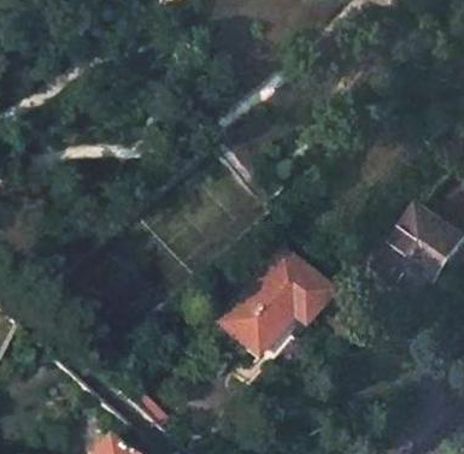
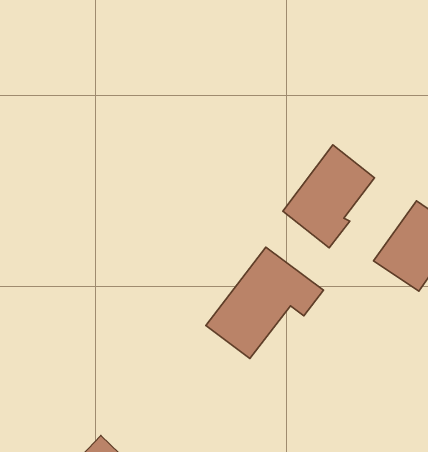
building: none -> [283,145,374,248]

